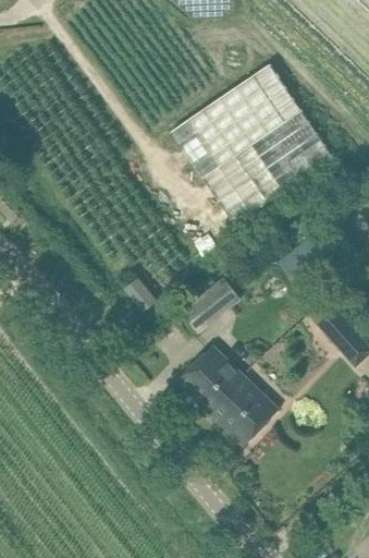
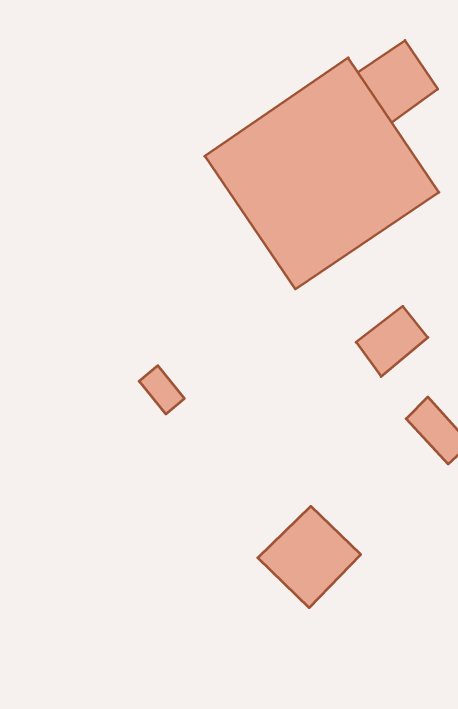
building: none -> [358,40,438,123]
building: [180,279,239,333] -> none
building: [175,345,244,412] -> none

